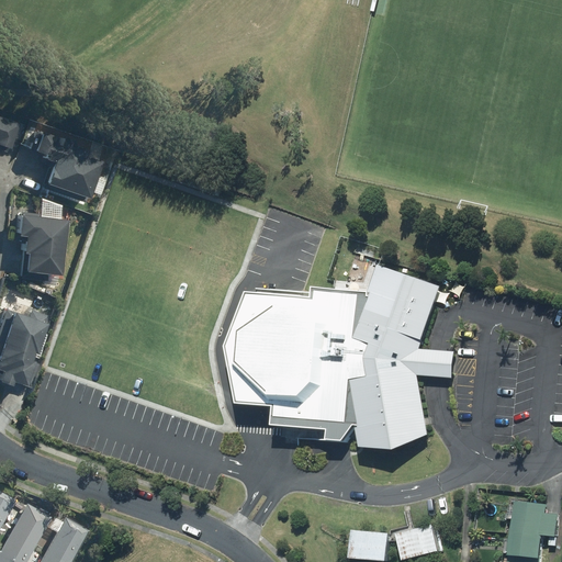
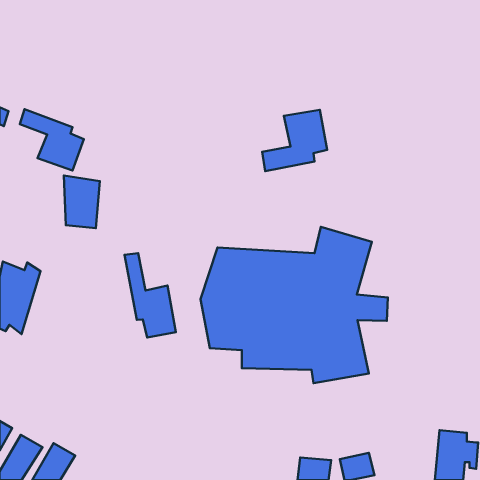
building: none -> [262,110,327,171]
building: [22,211,64,272] -> [64,175,100,228]
building: none -> [124,253,176,338]

